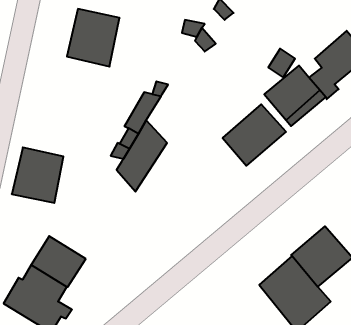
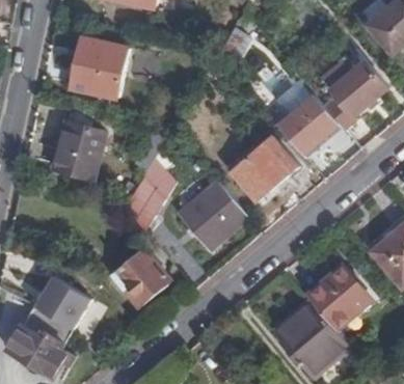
building: none -> [177,182,247,250]
building: [12,147,63,203] -> [55,124,109,182]
building: none -> [114,252,171,310]

